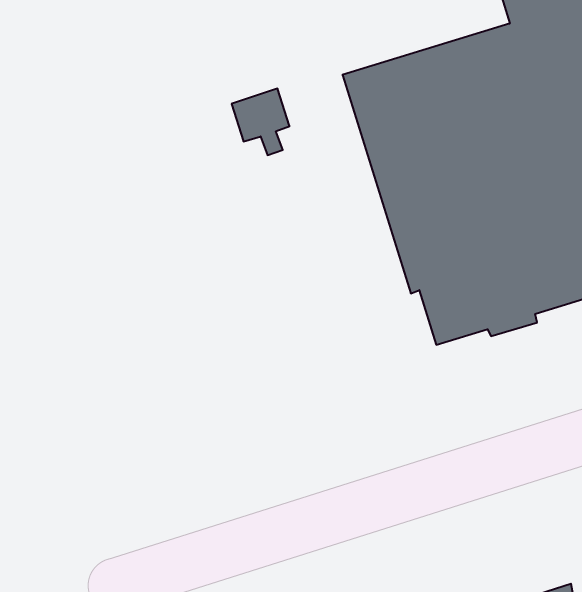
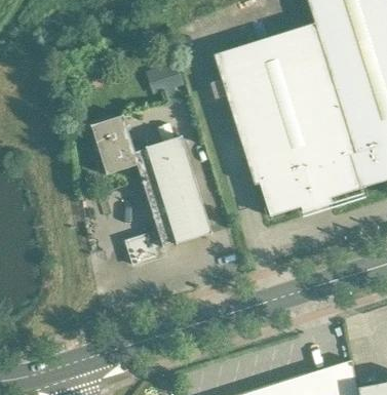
building: none -> [89,115,211,265]

